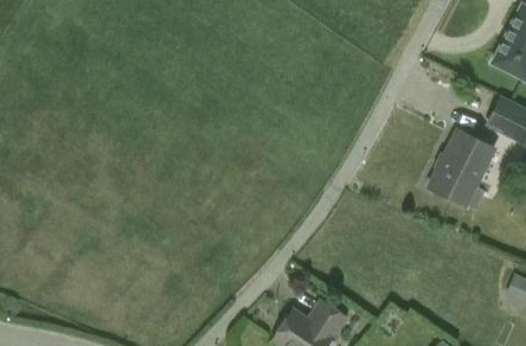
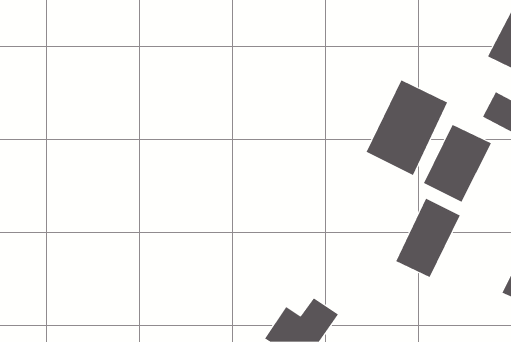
building: none -> [366,80,448,176]
building: none -> [395,198,461,278]

